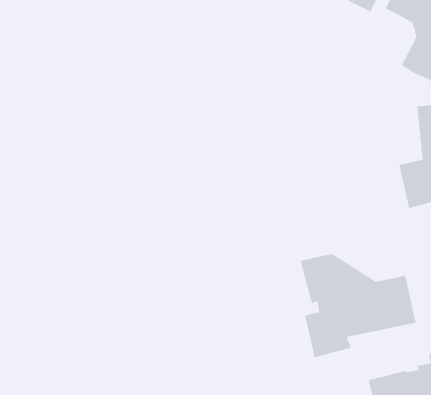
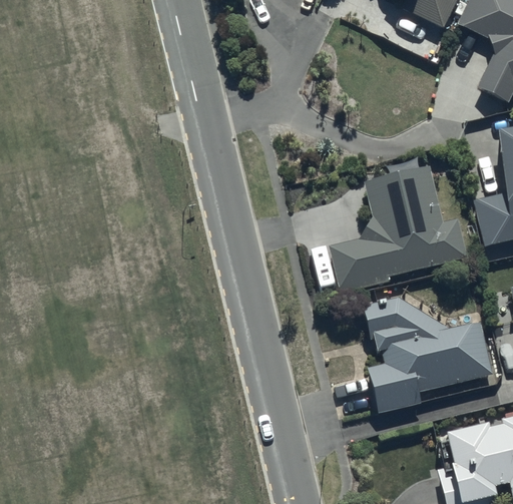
building: none -> [330,165,467,292]

